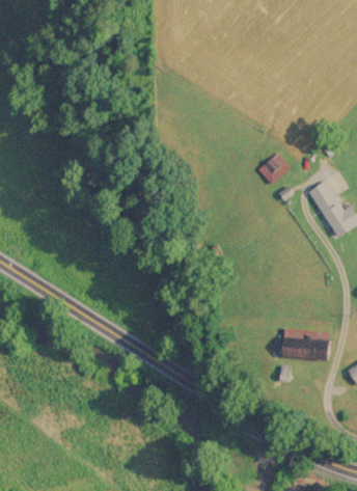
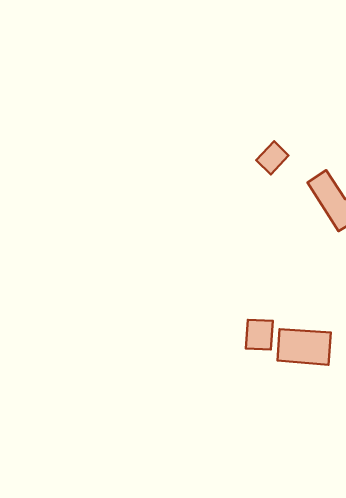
building: none -> [246,320,273,349]

